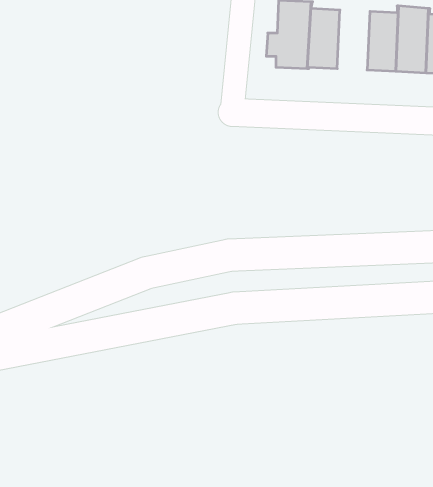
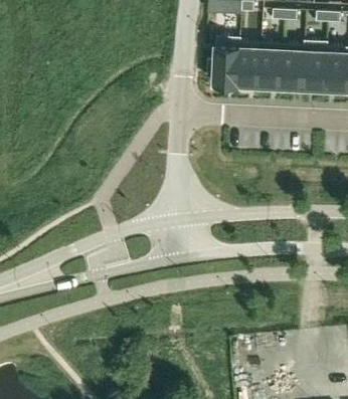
building: none -> [259,43,284,87]

